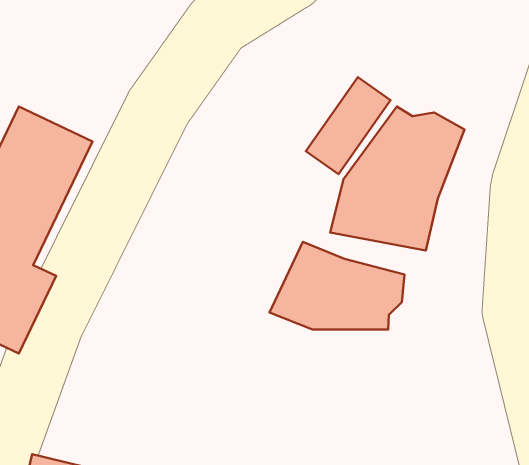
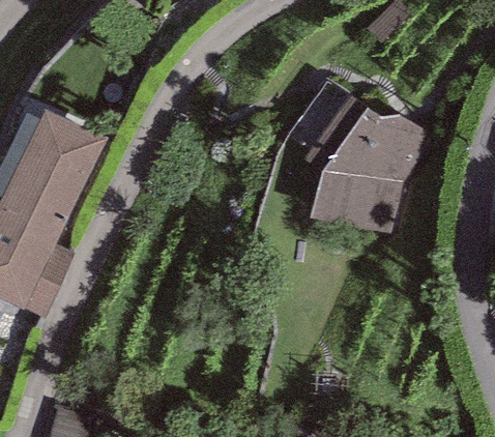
building: [270,242,405,330] -> none

